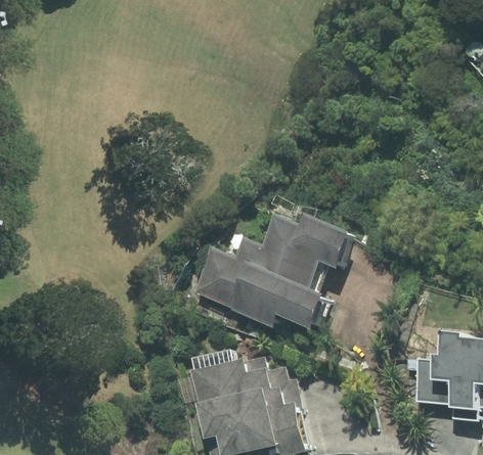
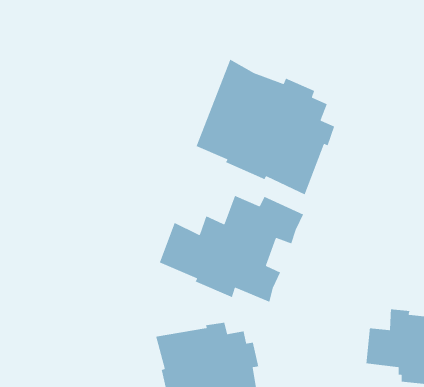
building: none -> [196,58,335,196]

